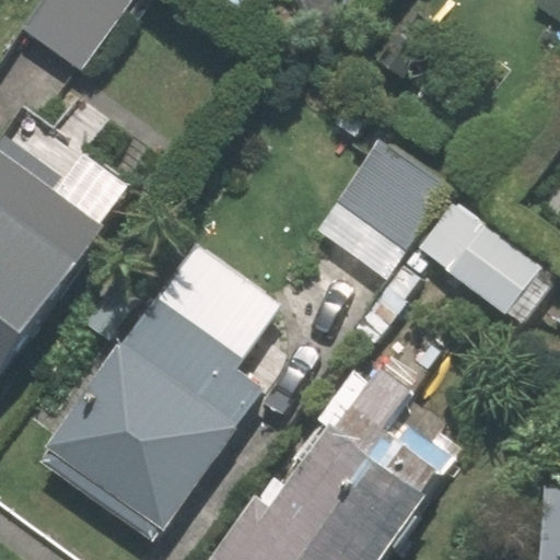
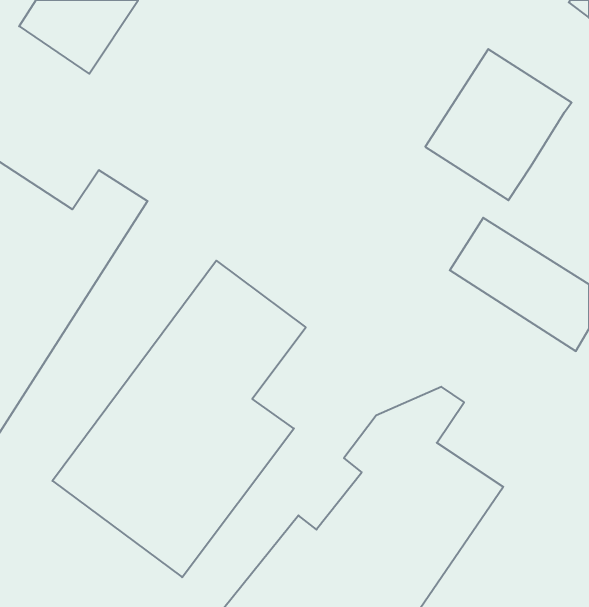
building: [316,138,451,277] -> [425,49,572,200]

